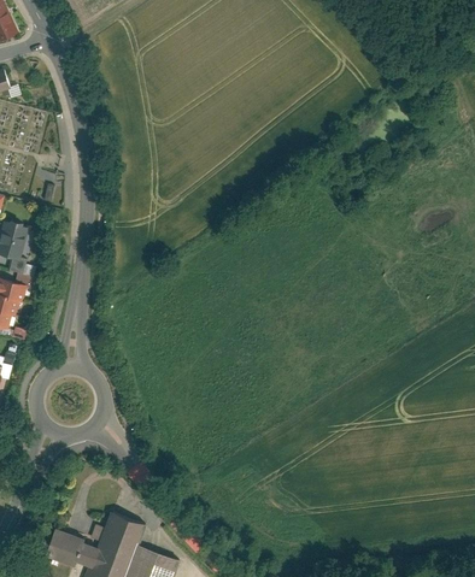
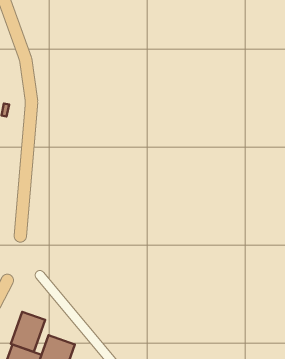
building: none -> [11,312,45,352]

